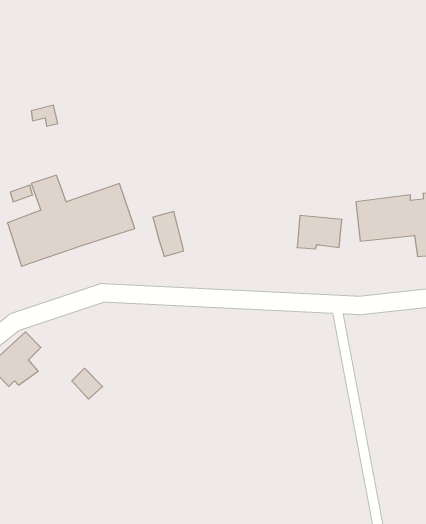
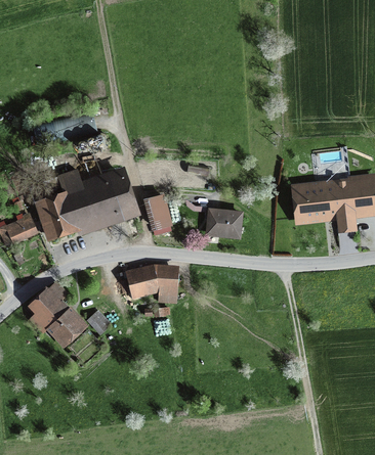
building: [297,215,342,249] -> [207,210,240,234]
building: none -> [129,270,175,302]
building: none -> [48,311,79,338]

